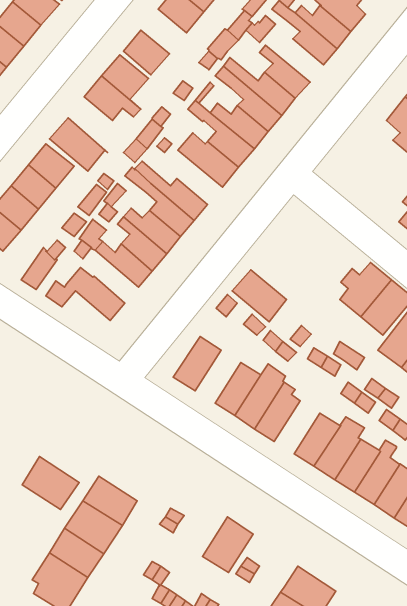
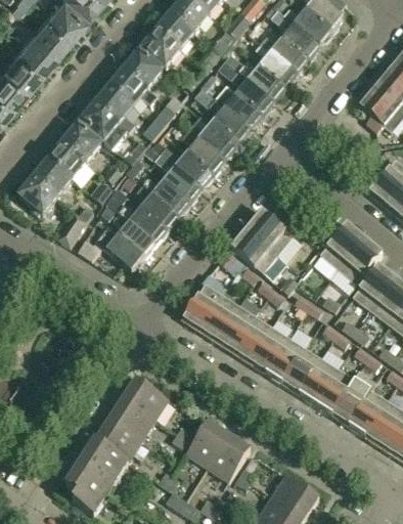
building: none -> [155,13,193,50]
building: none -> [259,36,307,74]
building: none -> [95,86,135,132]
building: none -> [182,130,223,175]
building: none -> [247,211,292,254]
building: none -> [113,213,153,257]
building: none -> [200,296,238,340]
building: none -> [266,338,304,382]
building: [22,457,79,510] -> [121,377,168,421]
building: none -> [185,421,227,467]

